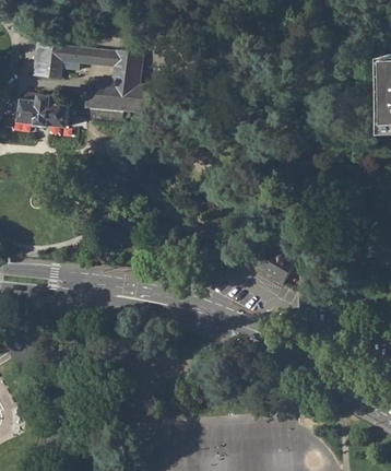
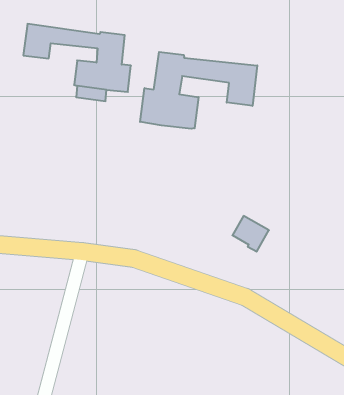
building: none -> [140,52,257,129]
building: [13,92,63,128] -> none

